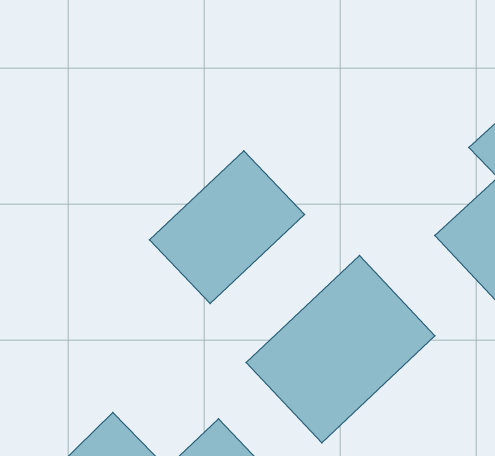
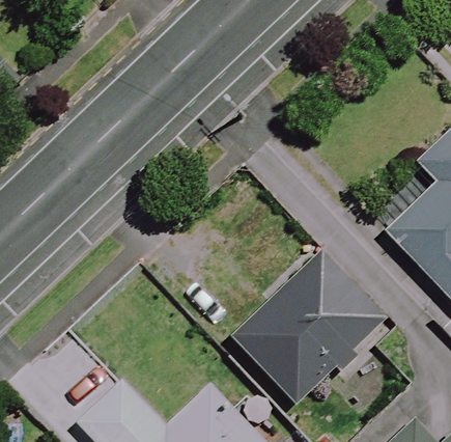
building: [149,151,304,303] -> none

